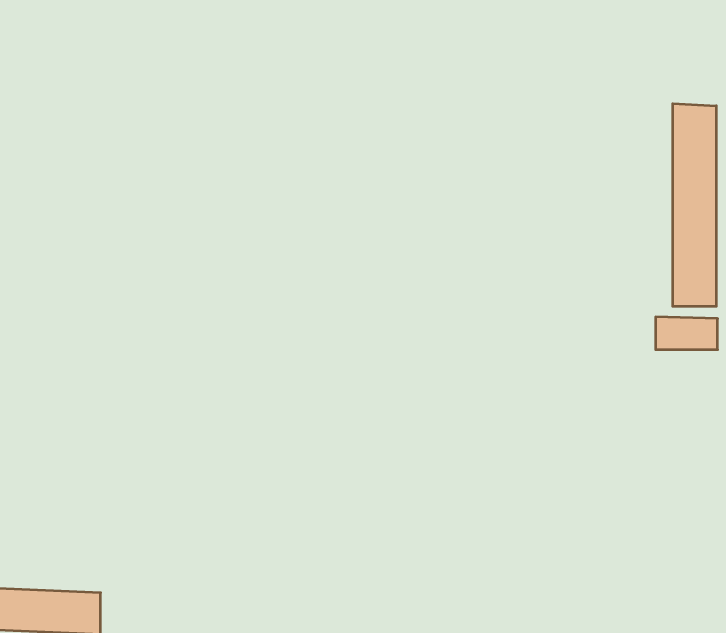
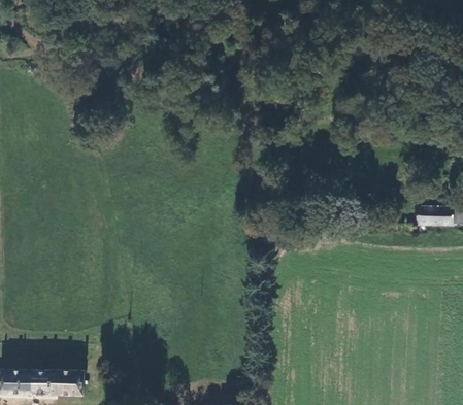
building: [673,104,716,306] -> none

